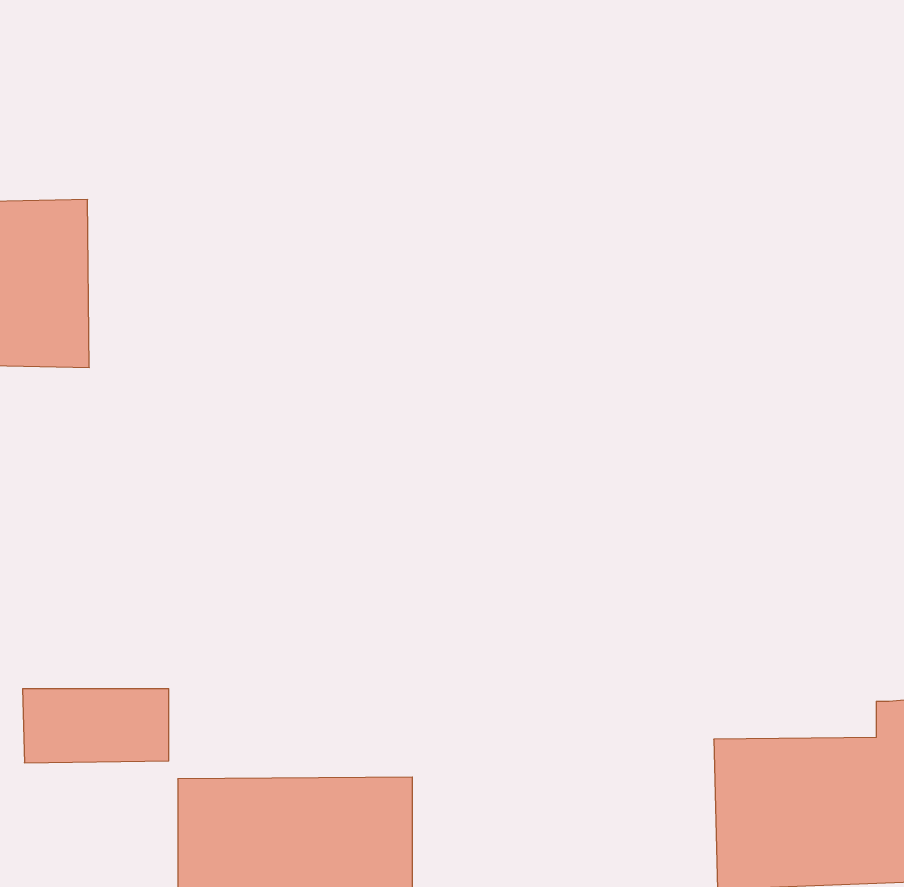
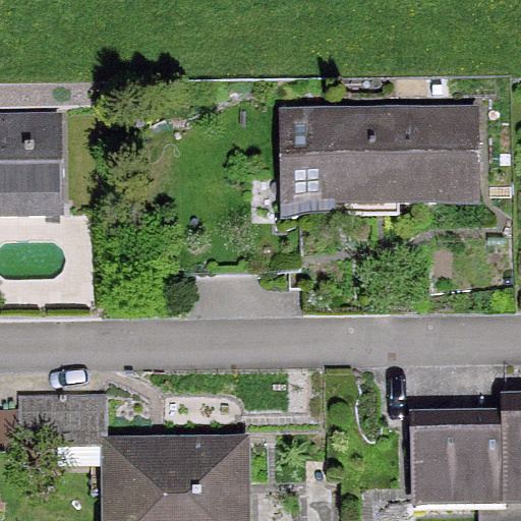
building: none -> [285,108,471,213]

